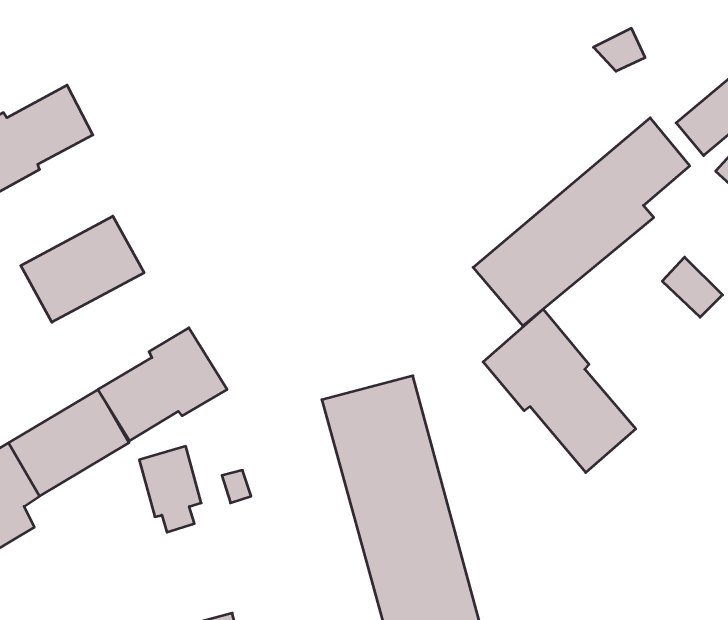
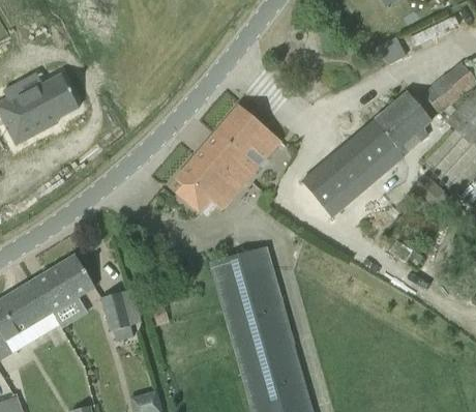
building: none -> [176,105,282,210]
building: [21,216,144,322] -> none
building: [483,309,636,473] -> none
building: [98,328,227,441] -> none

